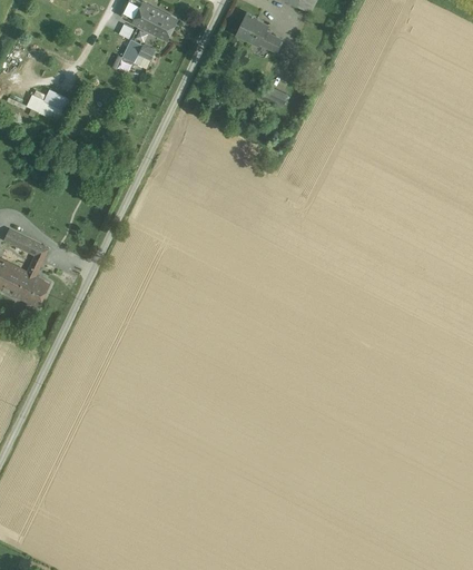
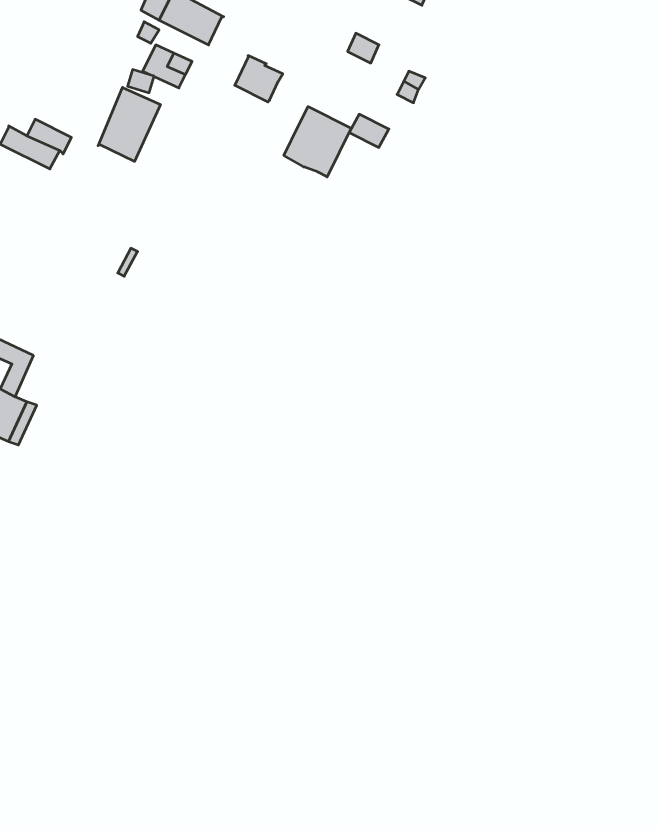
building: [236,13,268,45] -> [235,56,283,102]
building: none -> [98,87,160,161]
building: none -> [284,107,351,177]

